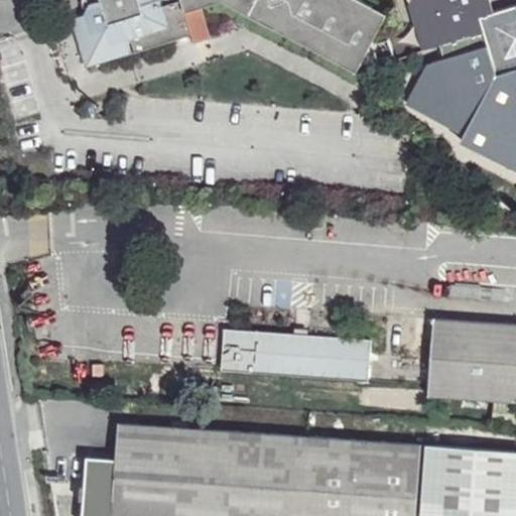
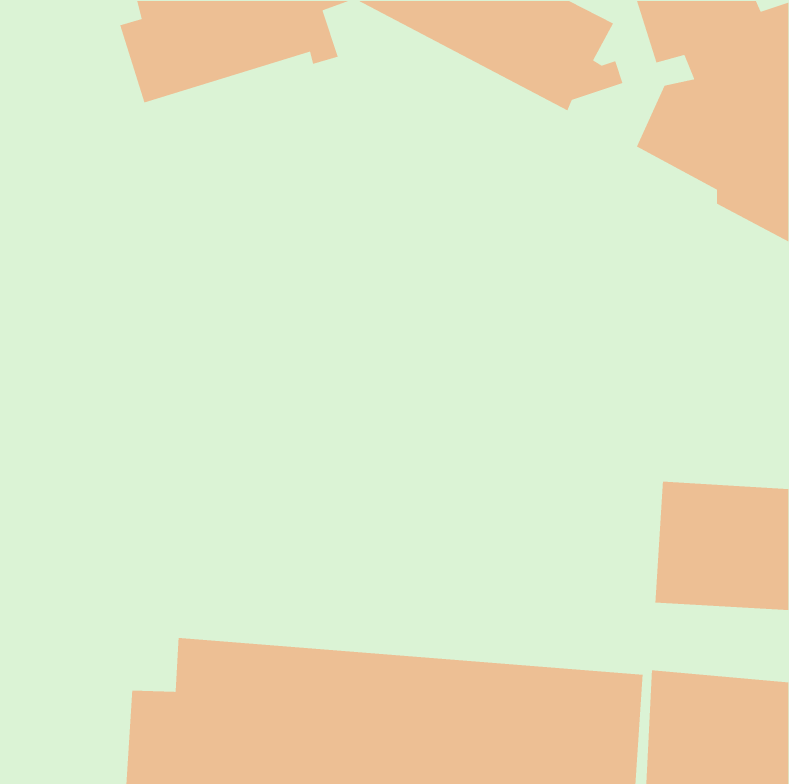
building: [224,329,370,381] -> none

